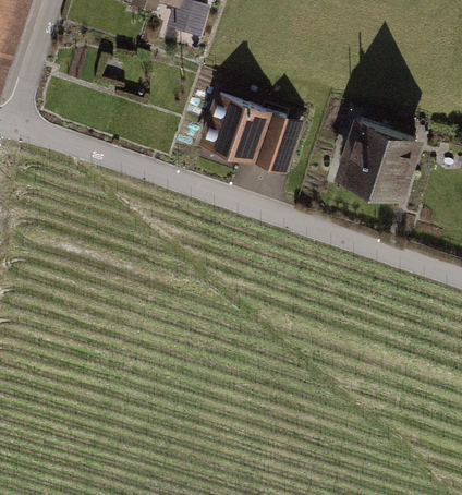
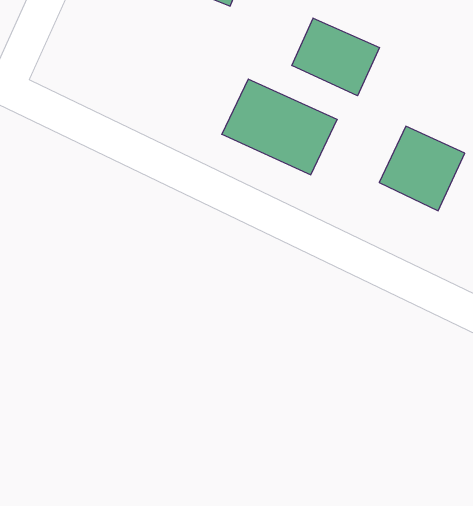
building: none -> [292,18,379,96]

